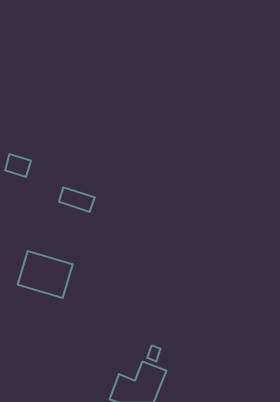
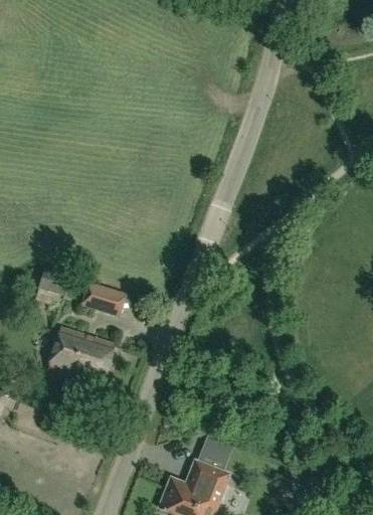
building: [5,154,31,177] -> [38,268,69,295]
building: [59,187,95,212] -> [82,282,126,311]

